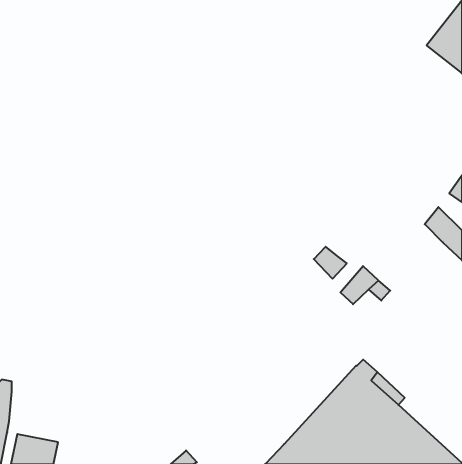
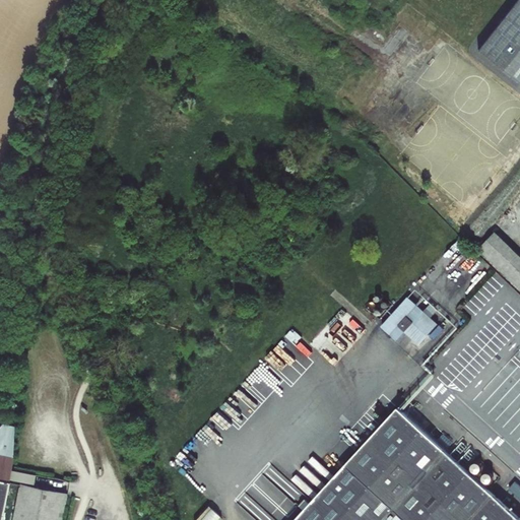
building: [314,247,347,279] -> none

